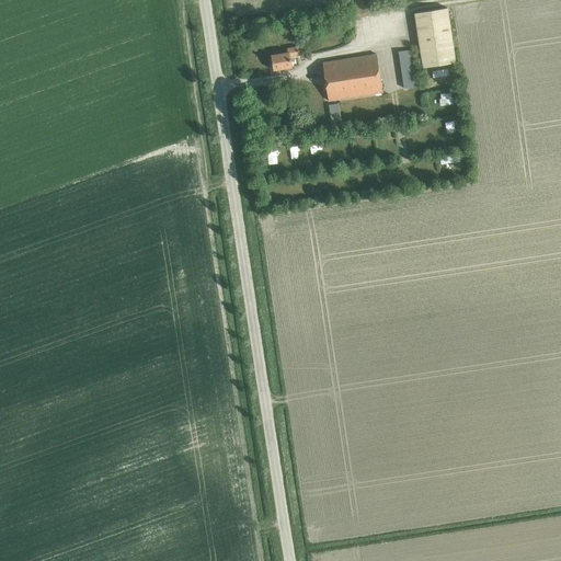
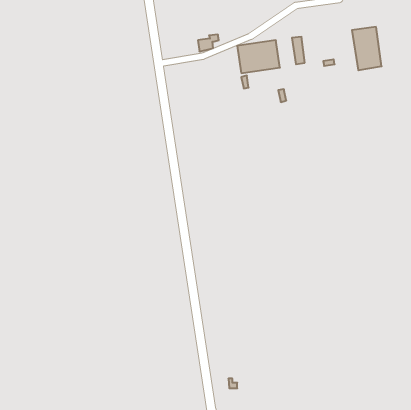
building: [413,8,454,67] -> [352,27,382,70]

